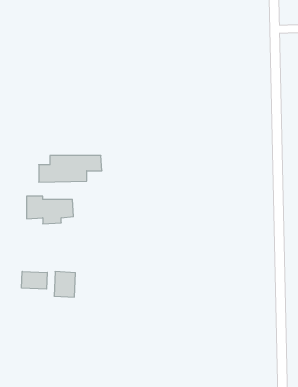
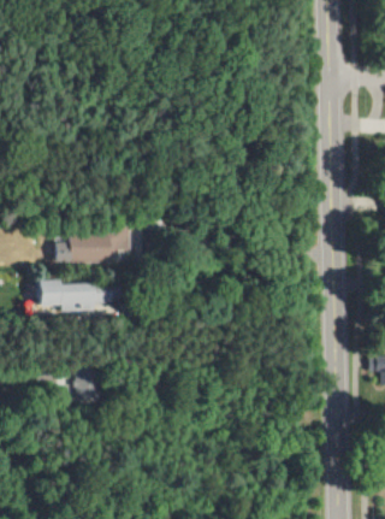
building: [22,271,47,289] -> none

